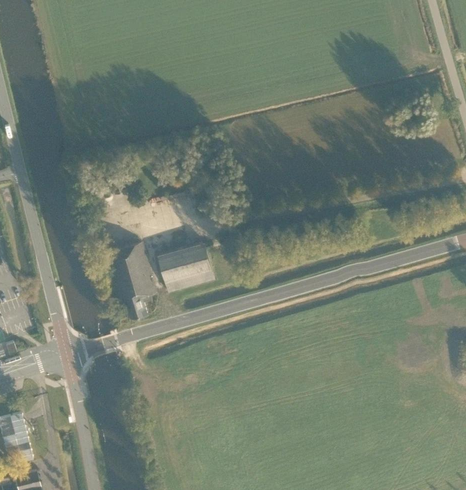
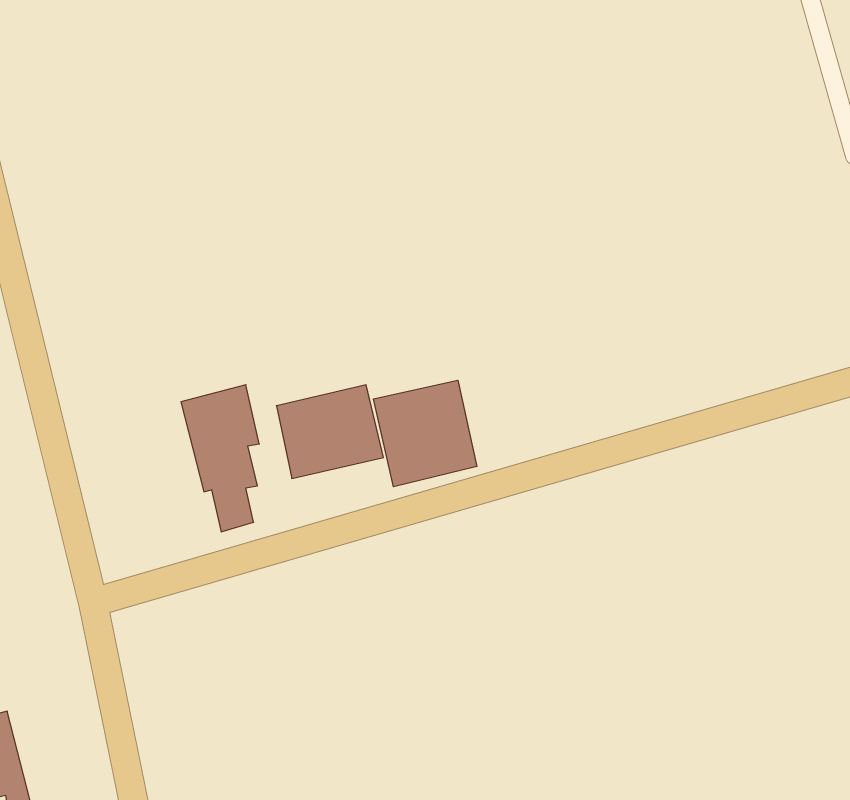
building: none -> [374,380,477,487]

